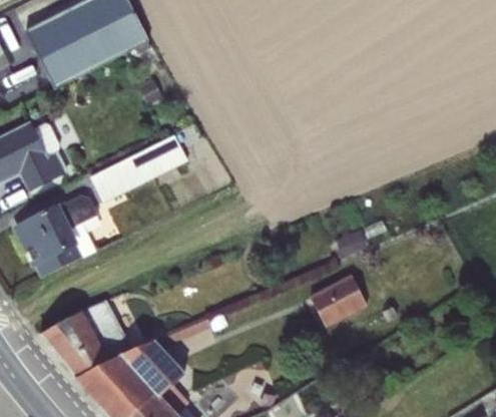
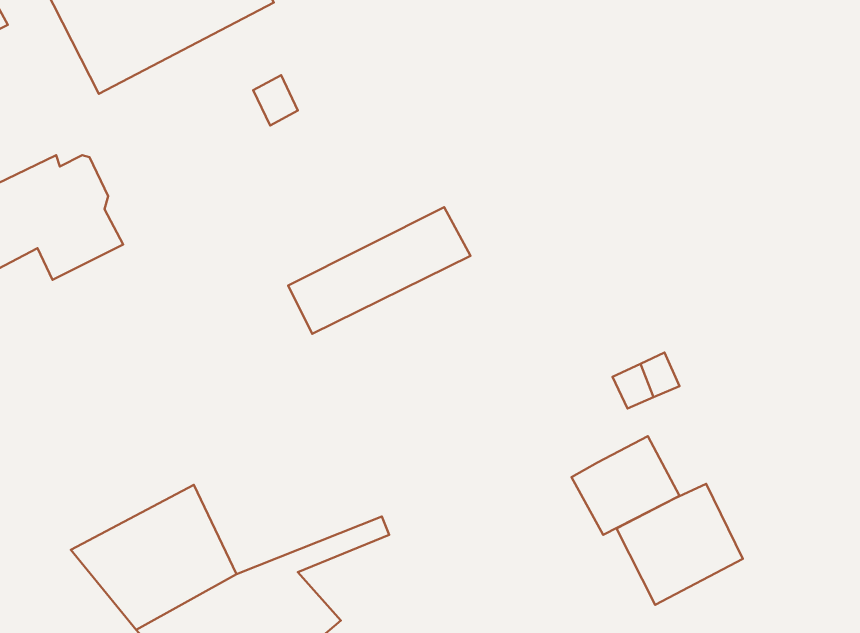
building: [89,134,187,202] -> [288,207,470,334]
building: [15,194,97,277] -> none
building: none -> [616,484,743,605]

